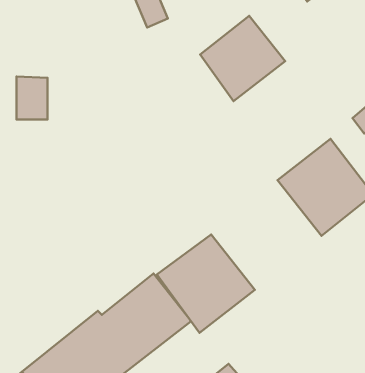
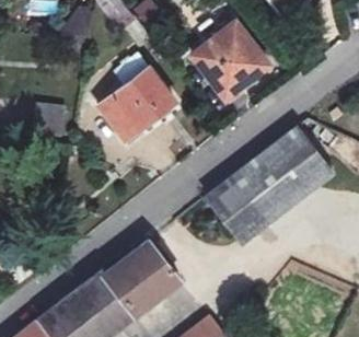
building: none -> [91,70,171,146]
building: [157,234,255,333] -> [210,163,293,246]

